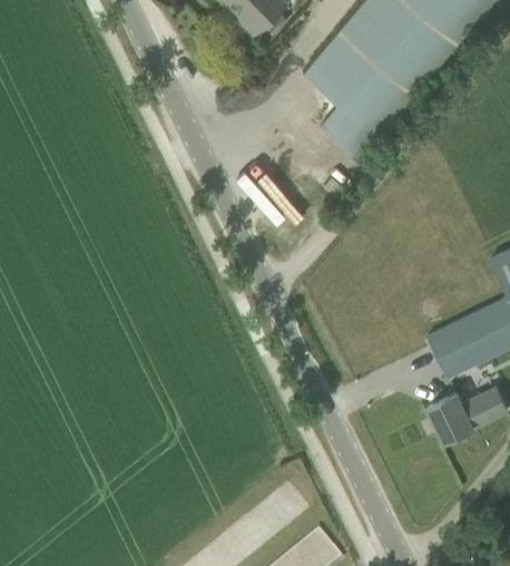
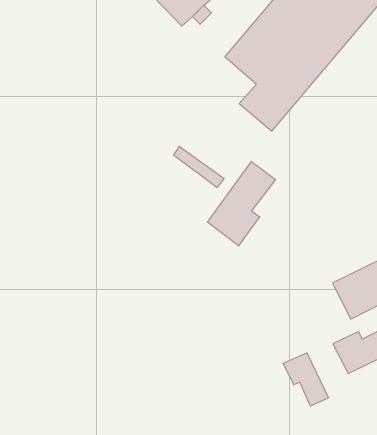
building: none -> [208,162,275,246]
building: none -> [283,353,328,406]

